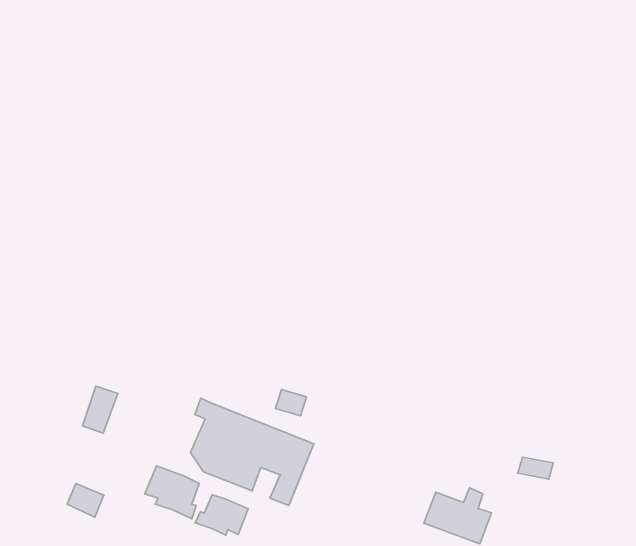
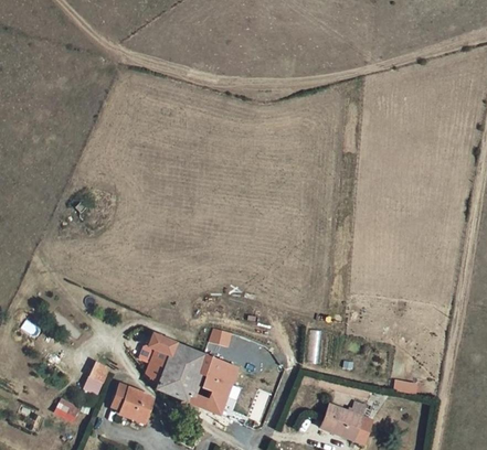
building: [83,386,118,433] -> [82,360,108,395]
building: [195,495,248,535] -> none

